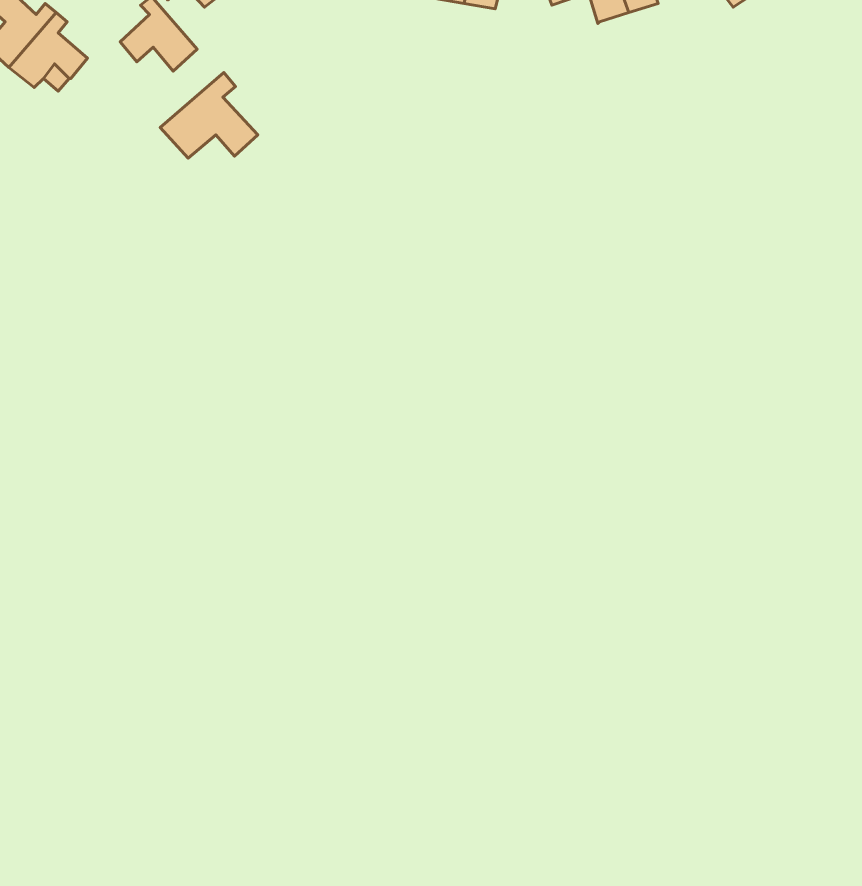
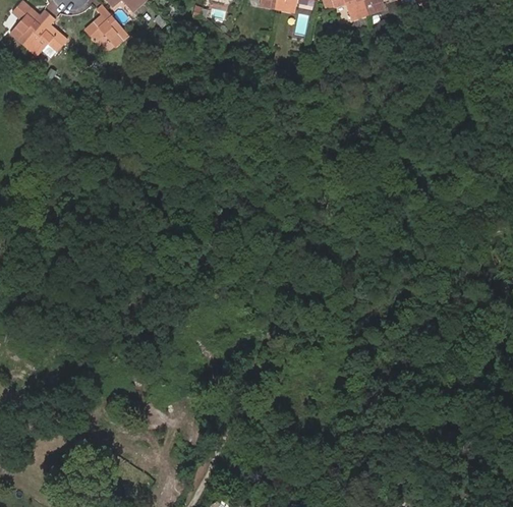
building: [160,72,258,158] -> none

